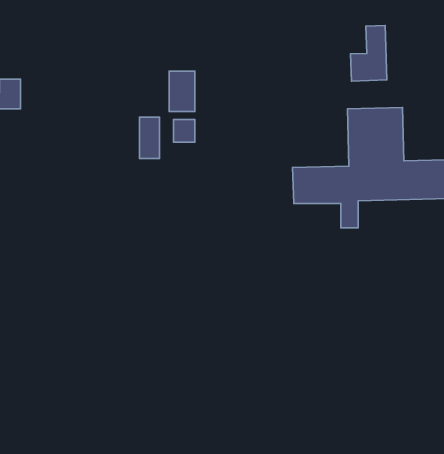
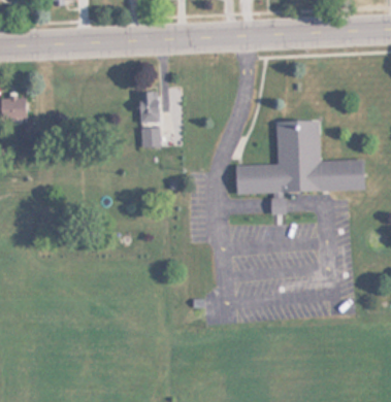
building: [351,25,387,81] -> none
building: [139,117,159,159] -> none

